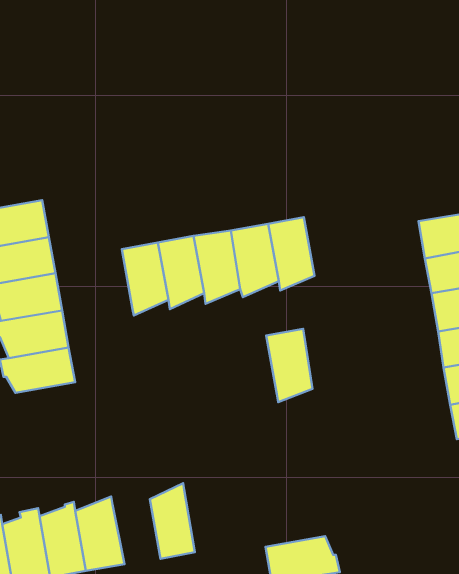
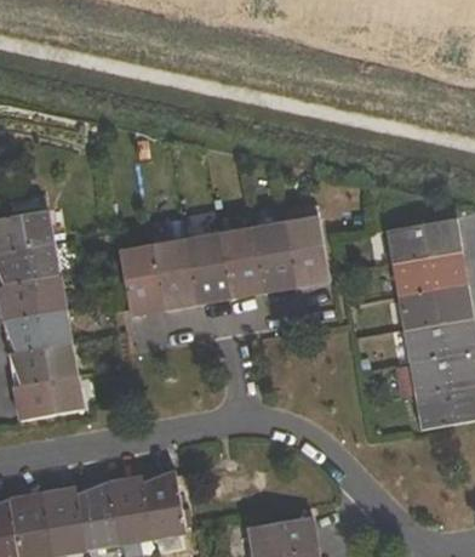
building: [266,329,313,402] -> [285,220,327,286]
building: none -> [13,376,81,419]
building: none -> [110,474,154,542]

